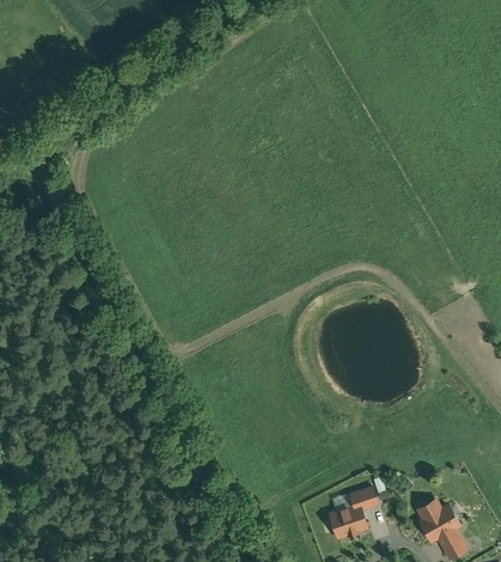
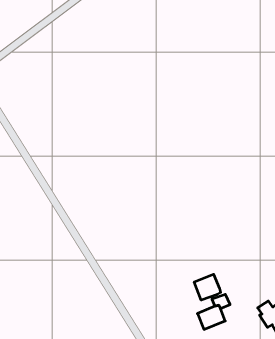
building: none -> [194,274,221,300]

